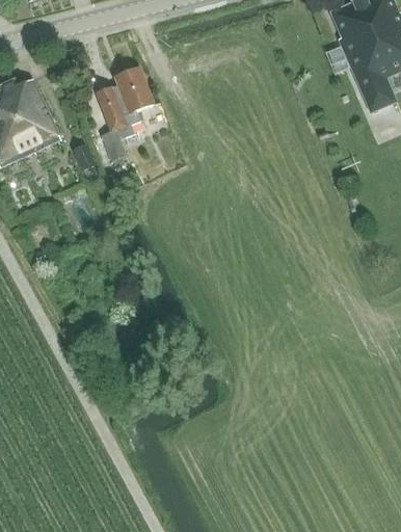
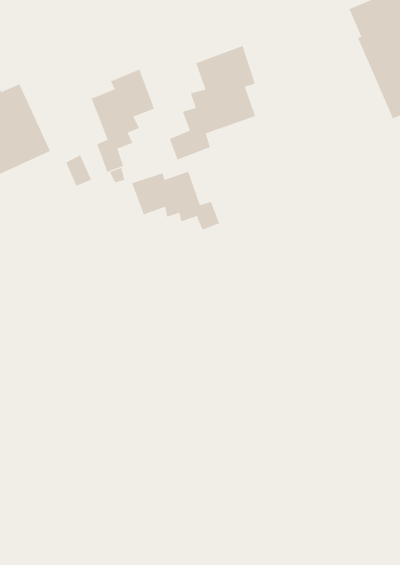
building: none -> [169,45,256,160]
building: none -> [132,171,220,230]

